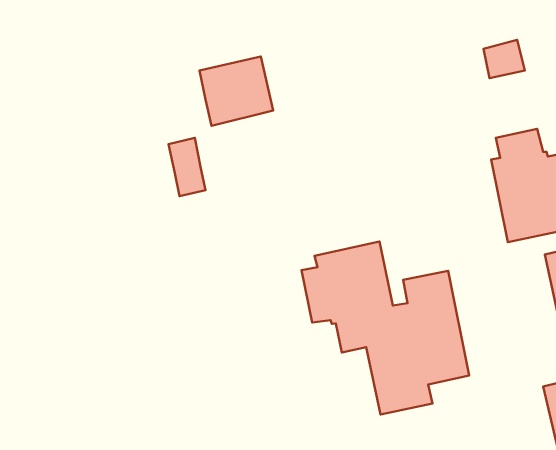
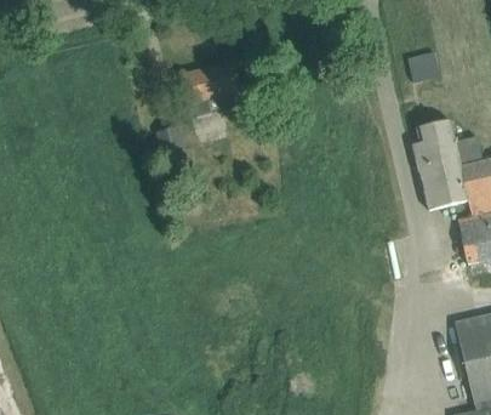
building: [301,242,469,414] -> none

